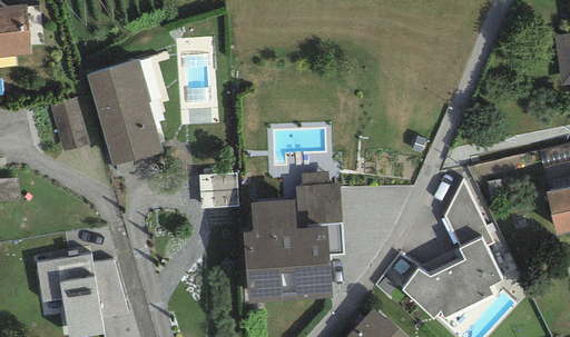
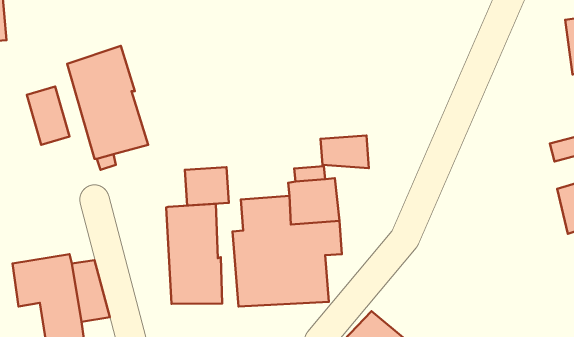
building: none -> [320,135,369,168]
building: [402,178,504,319] -> none
building: none -> [166,204,222,304]

